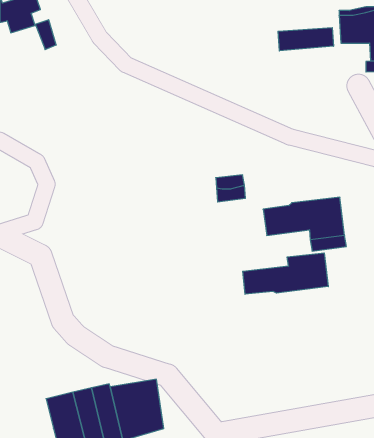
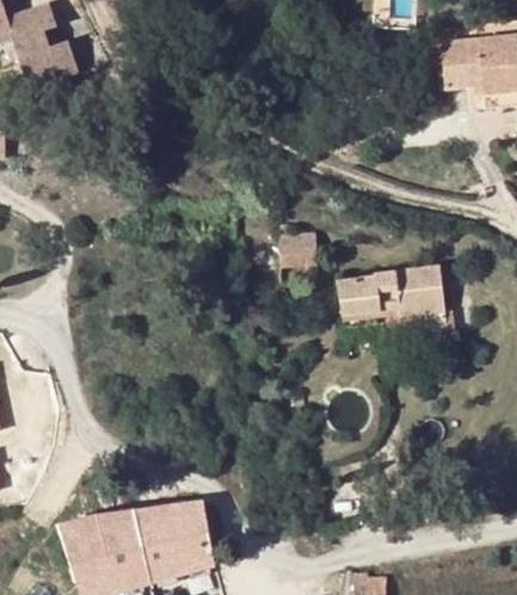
building: none -> [17,45,61,87]
building: [278,28,333,51] -> none
building: [243,253,328,294] -> none

